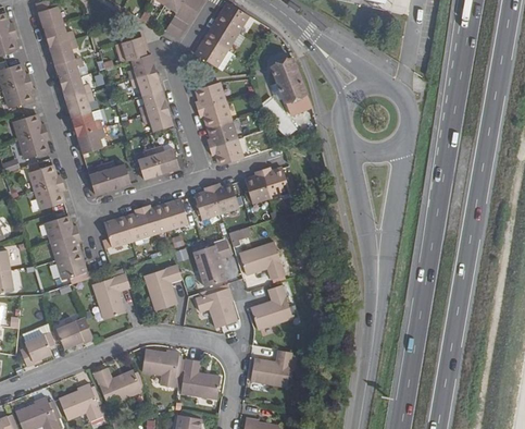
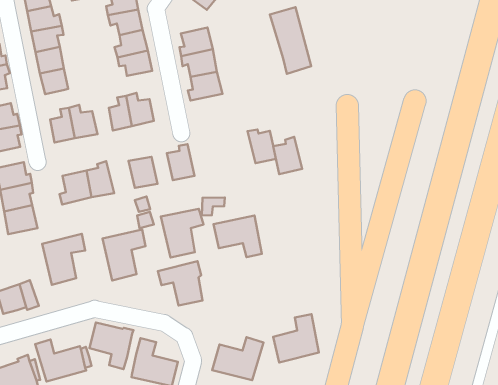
building: [209,138,241,164] -> none
building: [243,169,271,203] -> [273,137,302,174]
building: [210,182,237,212] -> none
building: [140,205,167,234] -> none
building: [250,284,291,329] -> [273,314,319,362]

